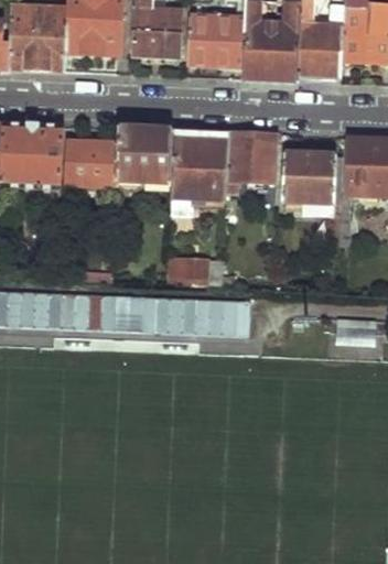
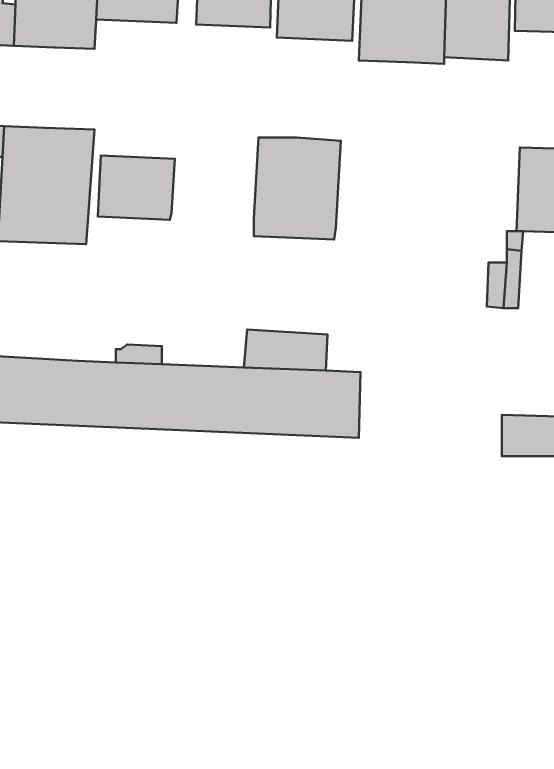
building: [116,128,174,185] -> none
building: [226,133,278,193] -> none
building: [281,147,337,204] -> none

